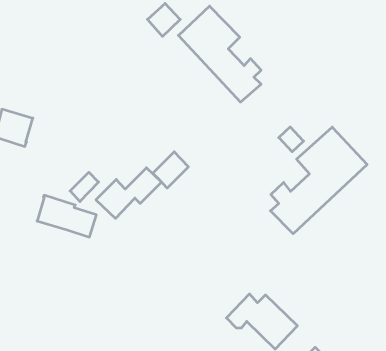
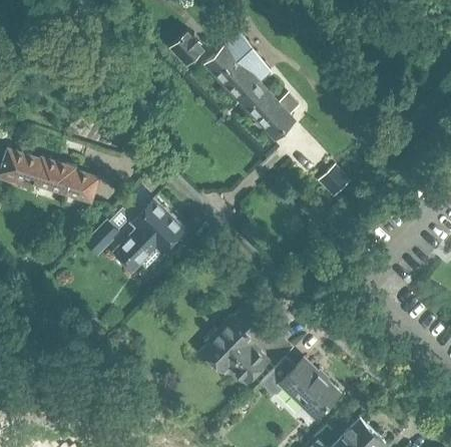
building: [270,127,367,234] -> none
building: [153,152,188,188] -> [130,197,170,239]
building: [37,195,96,237] -> [34,156,101,203]
building: none -> [201,307,269,383]

